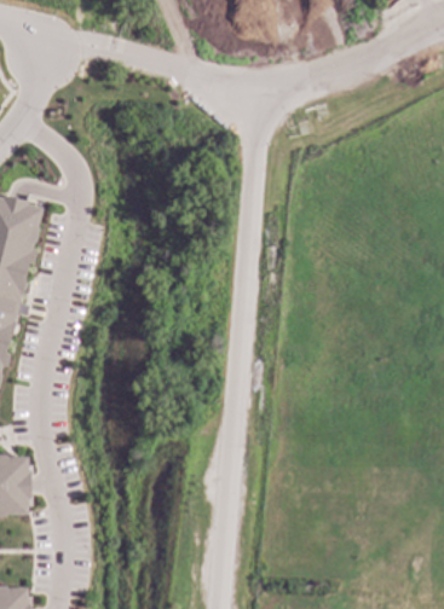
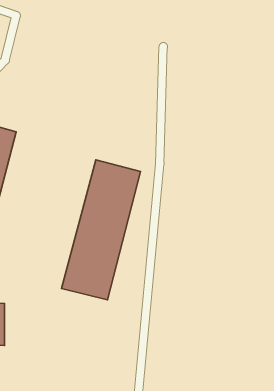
building: none -> [62,160,141,300]

